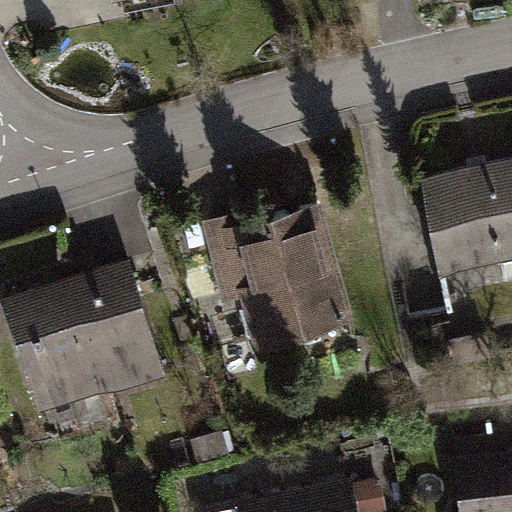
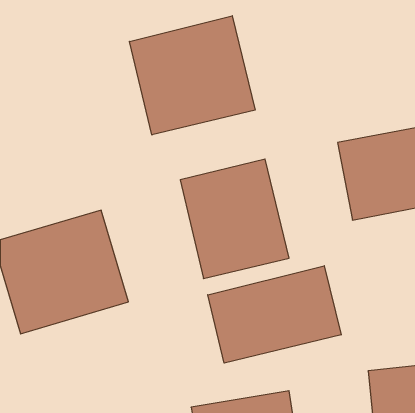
building: none -> [129,16,255,135]
building: none -> [208,266,341,363]

